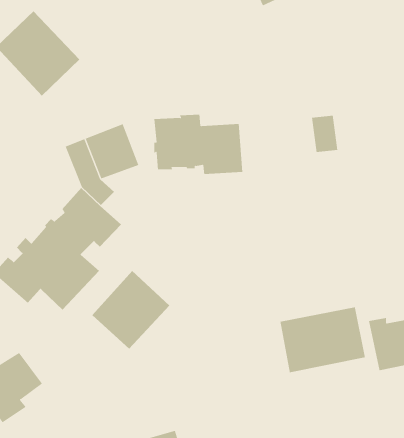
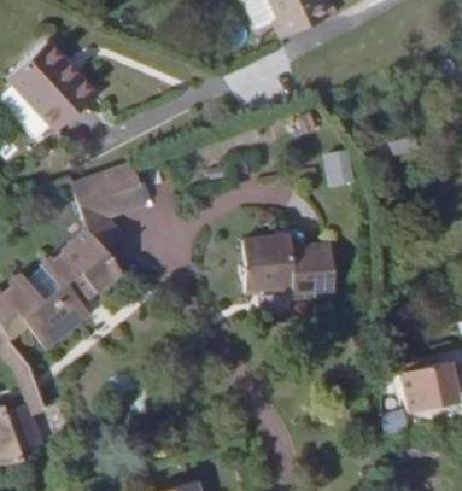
building: [154,114,243,175] -> [224,222,317,285]
building: [92,270,170,350] -> none
building: [280,307,365,373] -> none

